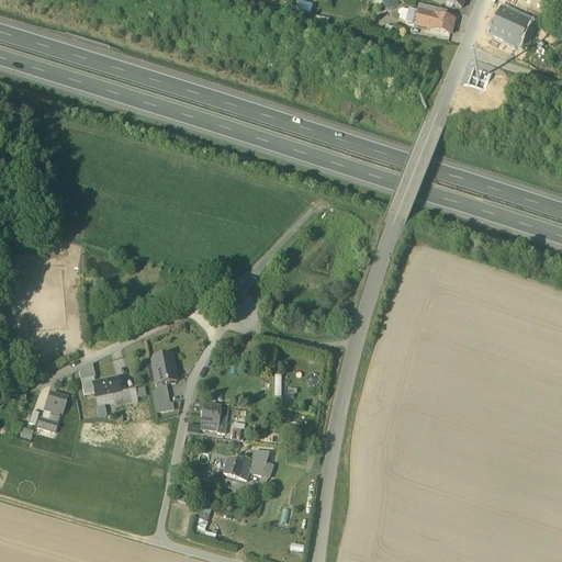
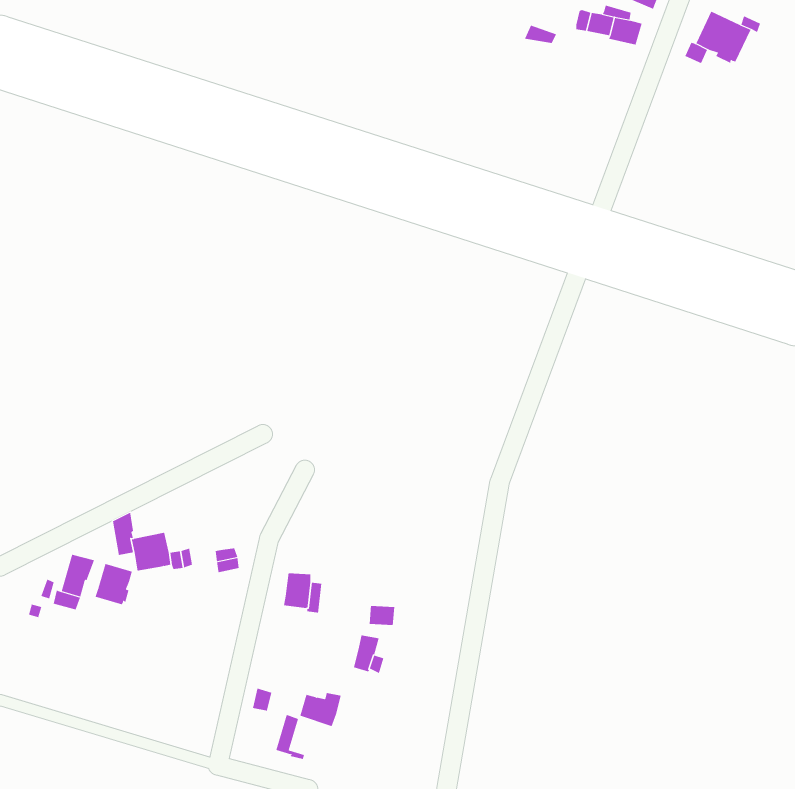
building: [151,352,176,383] -> none
building: none -> [95,563,133,605]
building: [223,456,252,480] -> [300,693,342,727]

